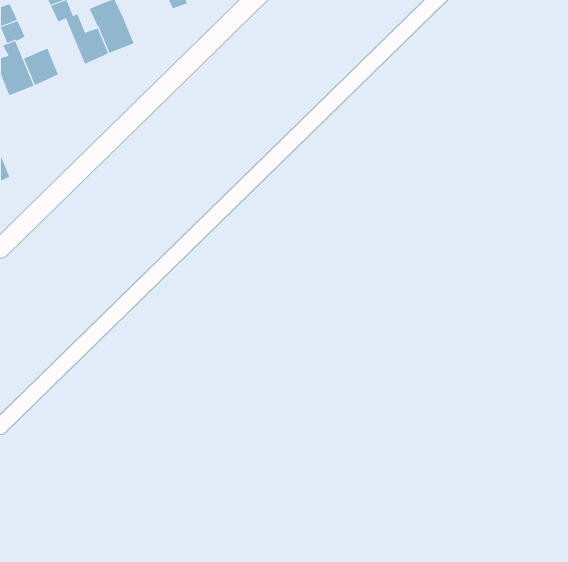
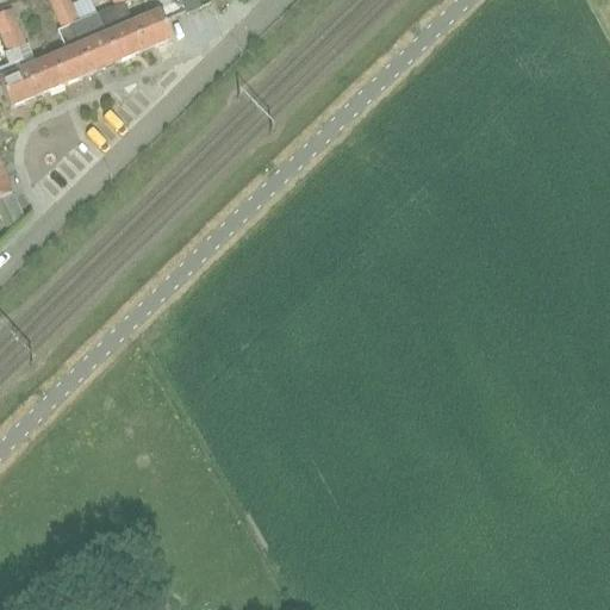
building: none -> [132,6,172,46]
building: none -> [51,20,91,80]

